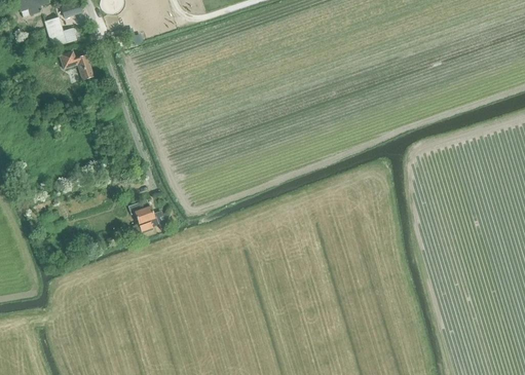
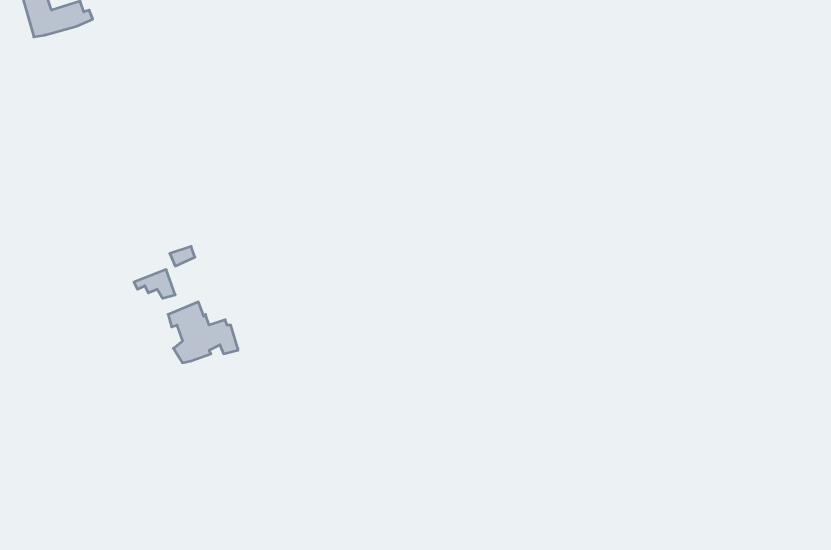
building: [60,50,93,80] -> none

